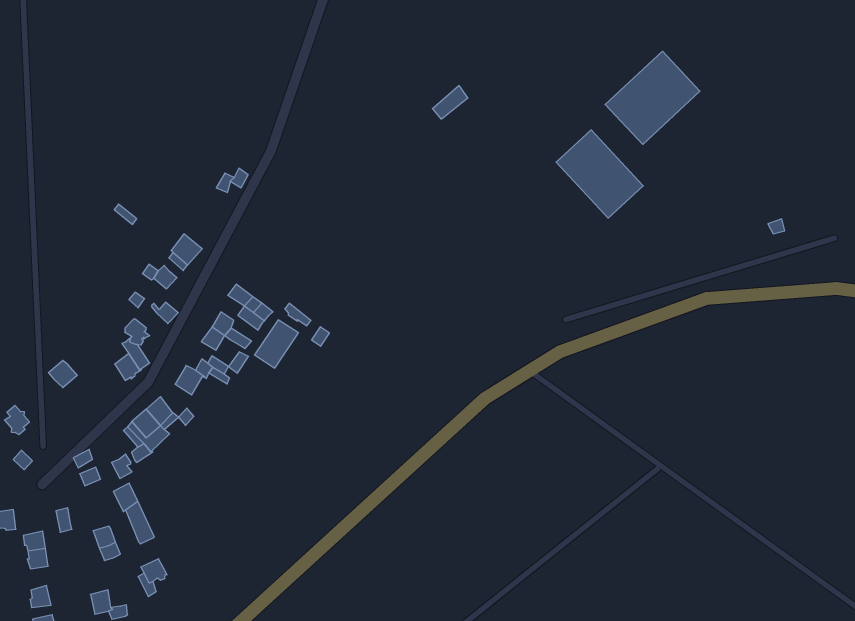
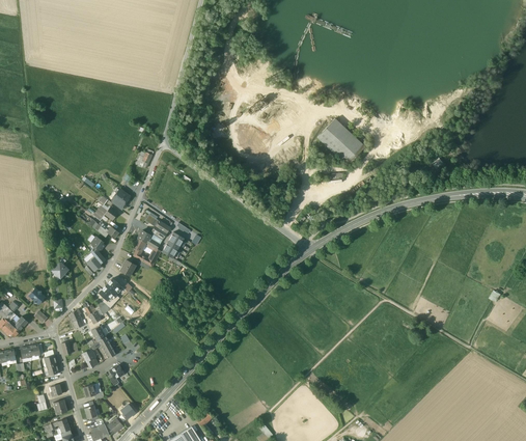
building: [605,51,700,144] -> none

